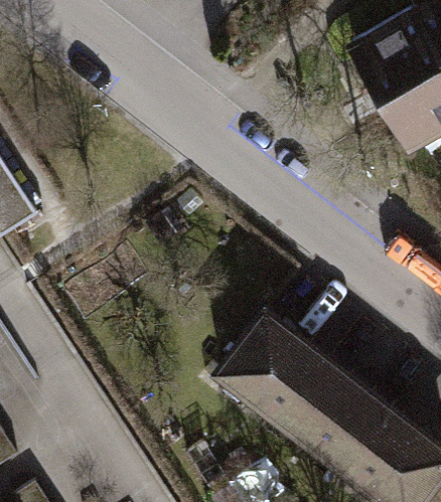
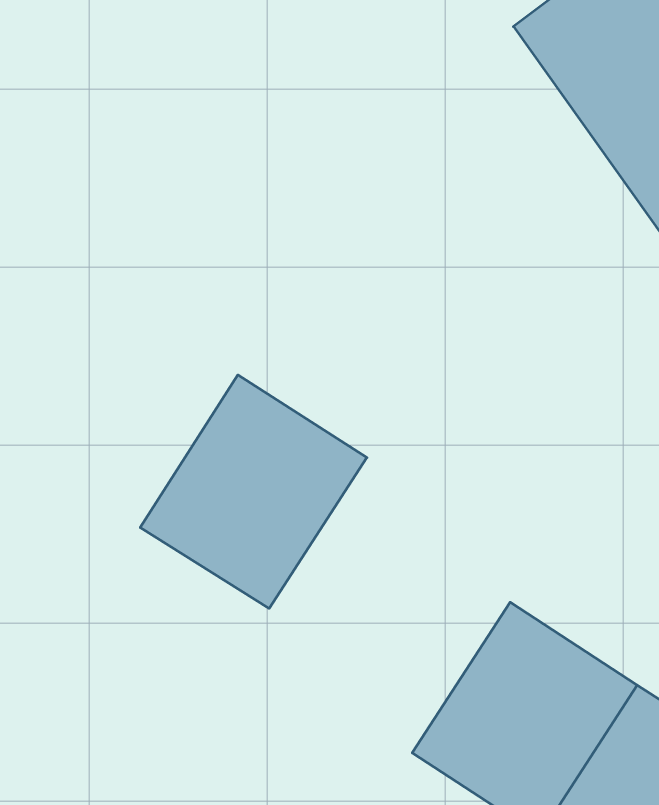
building: [204,310,329,437] -> [140,375,367,608]

